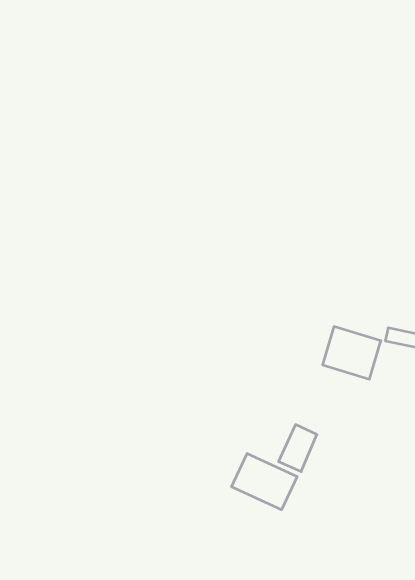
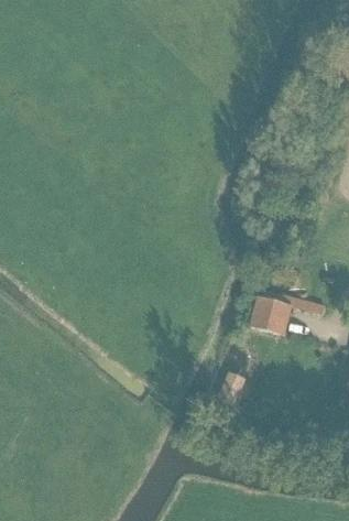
building: [232,453,297,510] -> none

